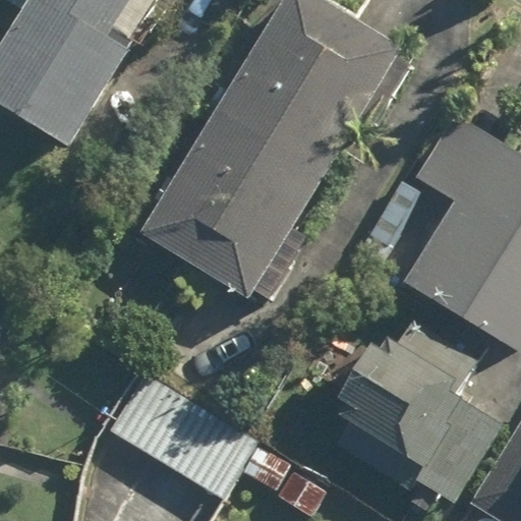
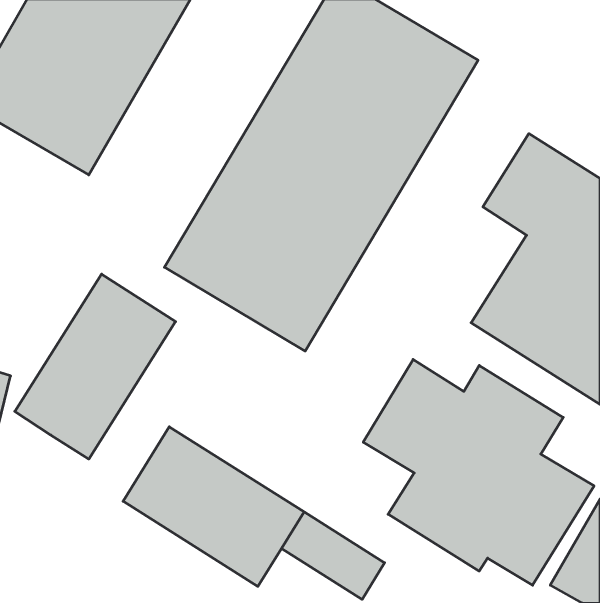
building: none -> [15,274,176,459]

